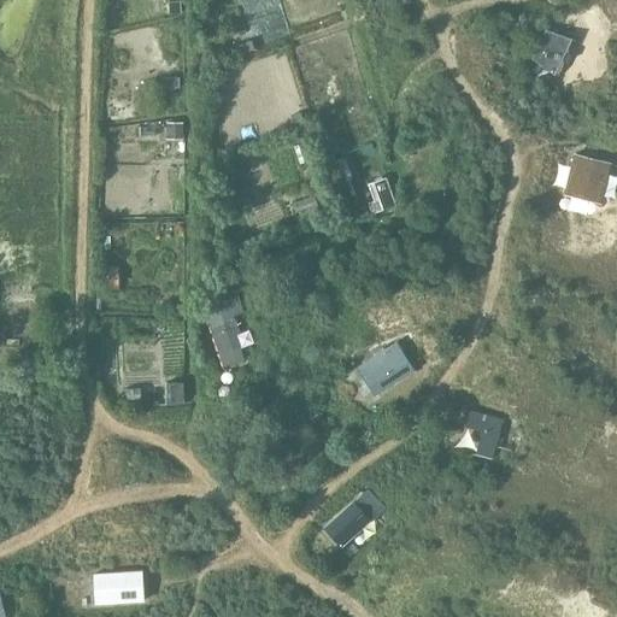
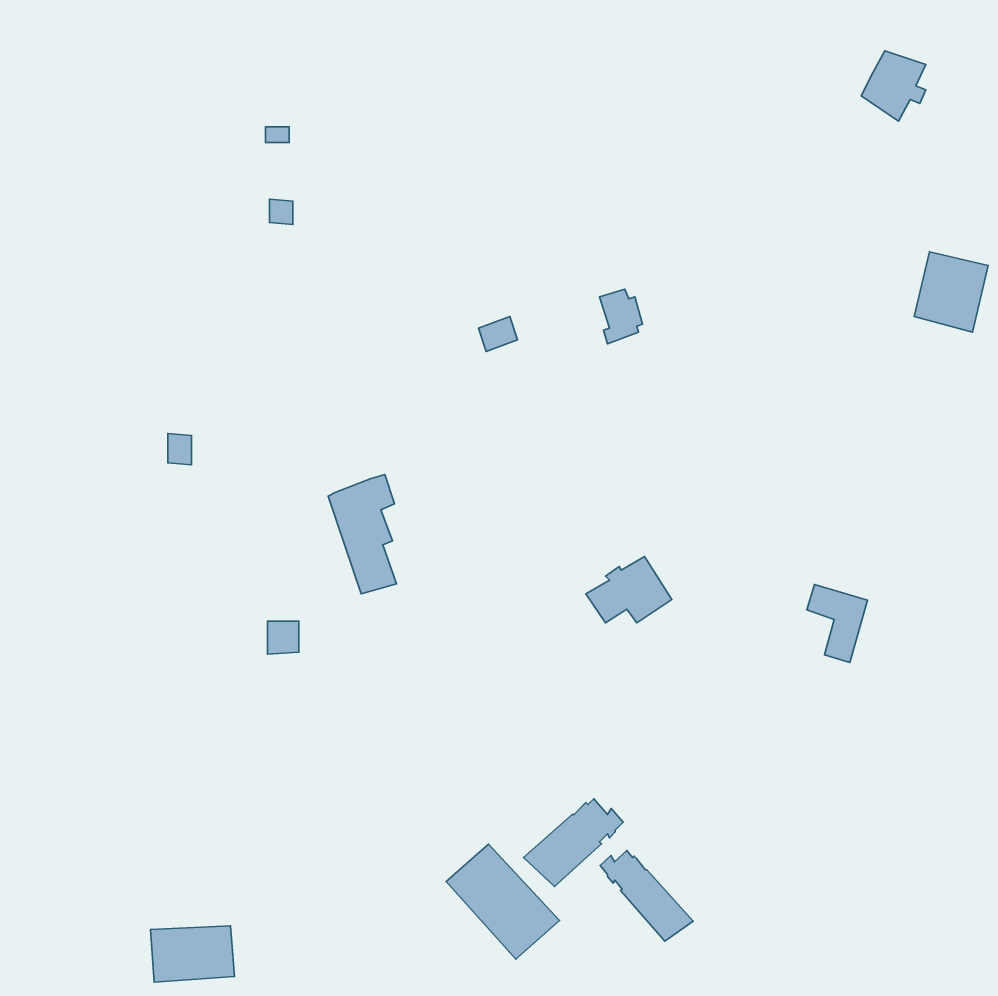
building: [465,410,503,458] -> [807,584,867,663]
building: none -> [446,844,560,959]
building: none -> [600,851,693,941]

